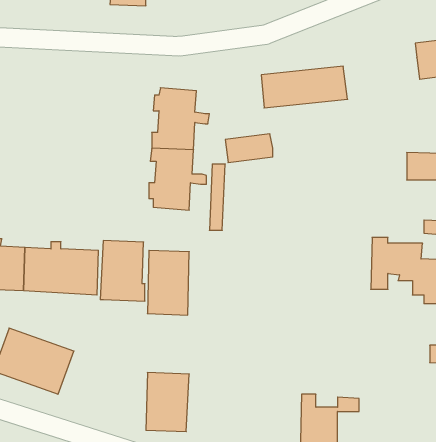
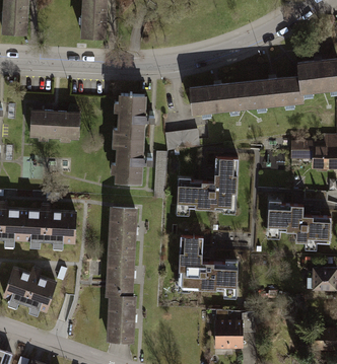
building: none -> [247,74,301,103]
building: none -> [28,108,76,140]
building: none -> [176,158,238,216]
building: [100,241,145,301] -> [107,254,138,297]
building: none -> [176,236,237,297]

